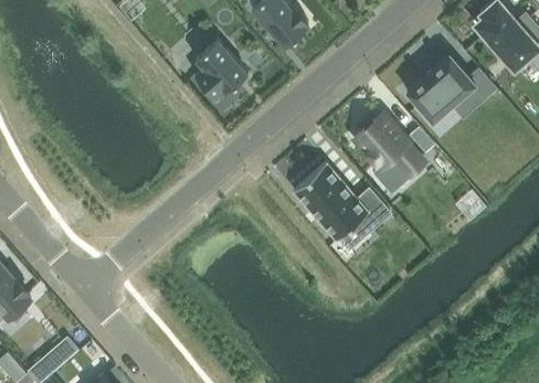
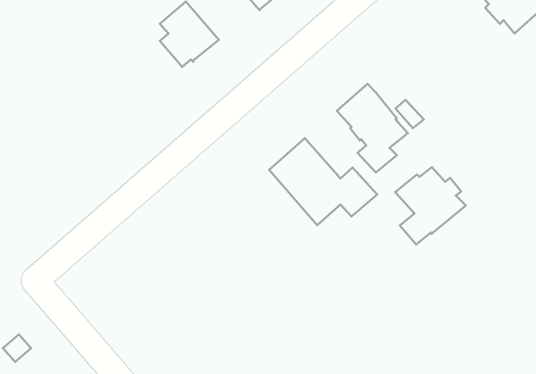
building: [406,54,498,123] -> none
building: none -> [395,167,466,245]

